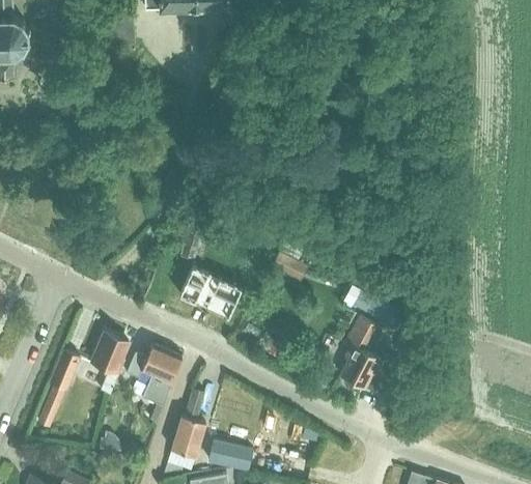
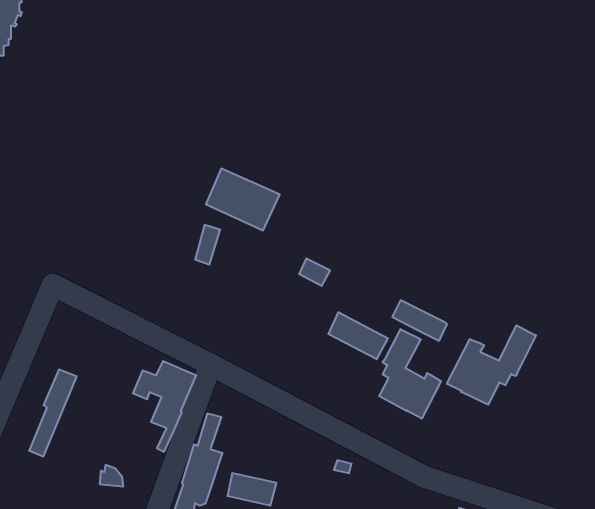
building: [177,265,242,319] -> [206,168,280,230]
building: none -> [328,312,388,359]
building: none -> [447,325,536,405]
building: [92,332,130,393] -> none

